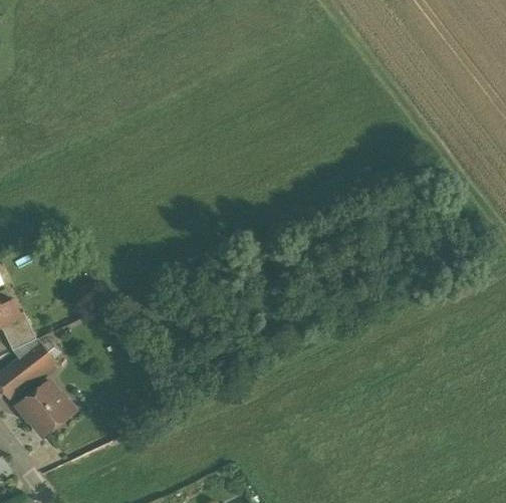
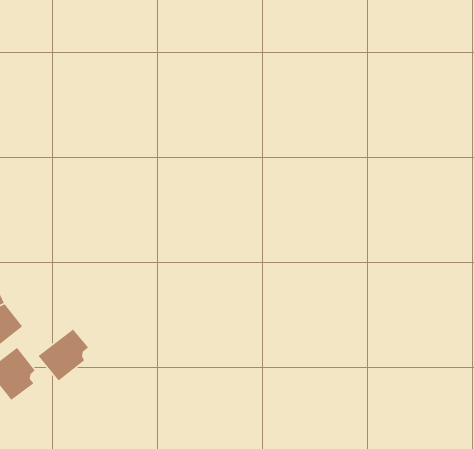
building: none -> [37,328,89,382]

